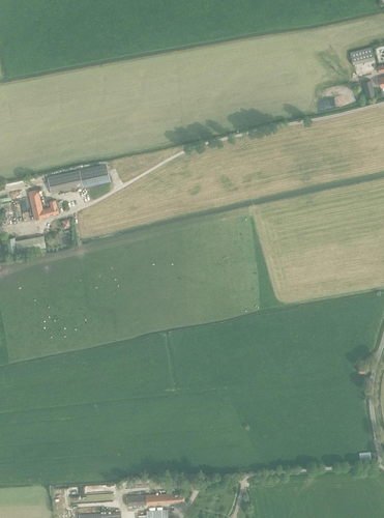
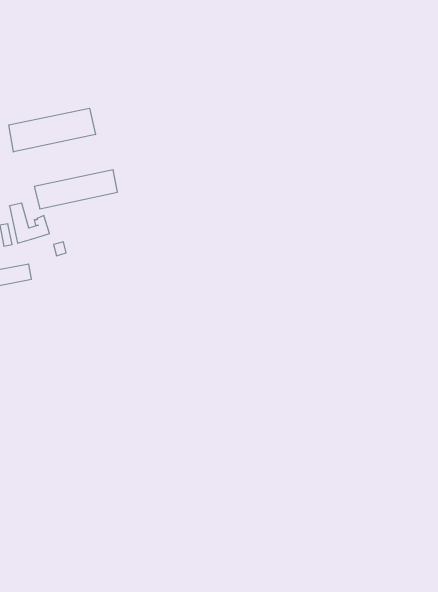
building: none -> [9,108,96,152]

